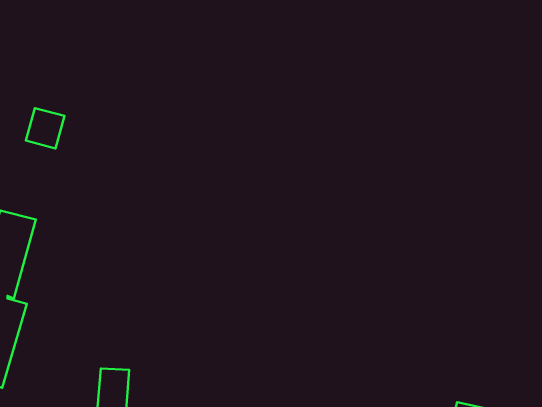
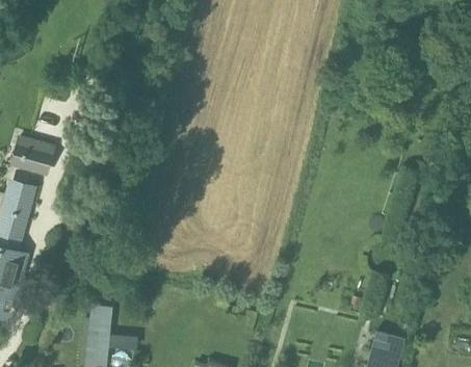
building: [26,108,65,148] -> [22,140,53,173]

